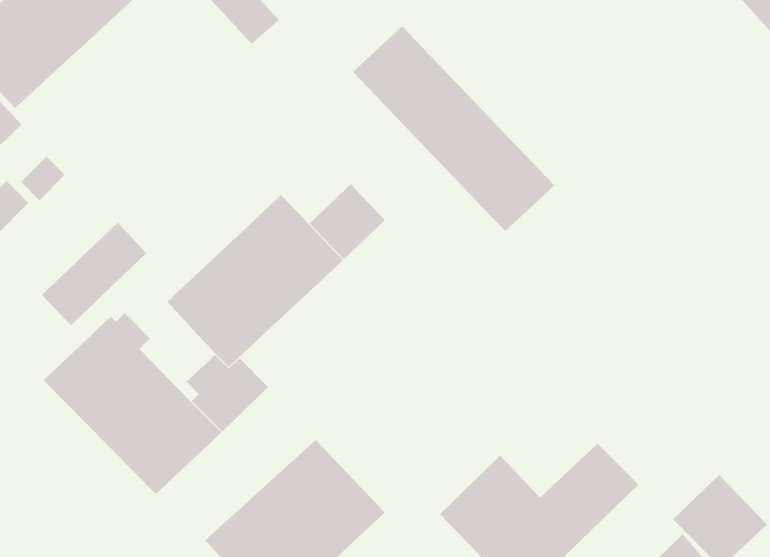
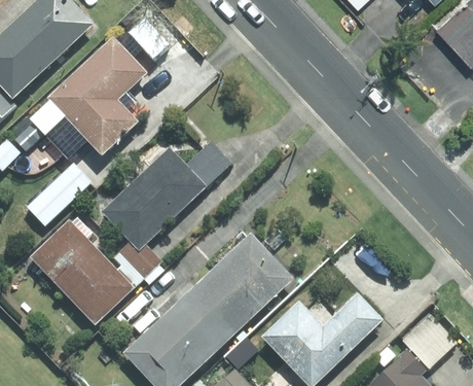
building: none -> [28,37,147,159]
building: [352,26,555,232] -> none
building: none -> [189,235,292,336]

